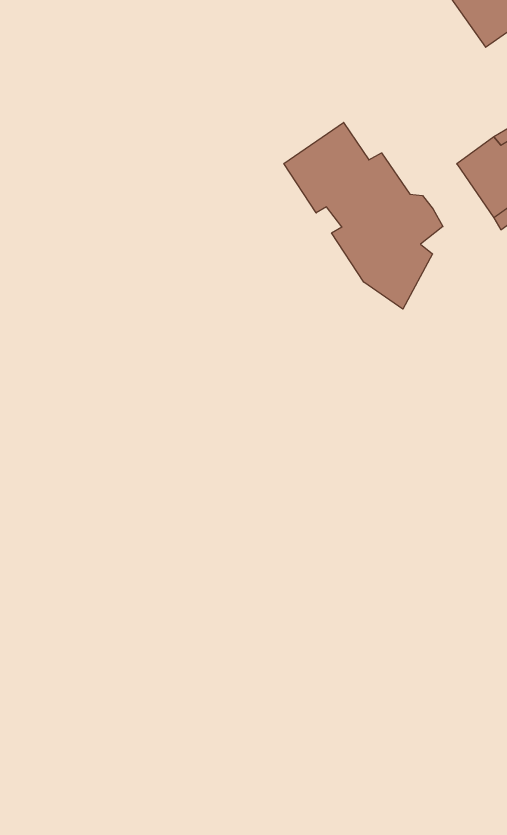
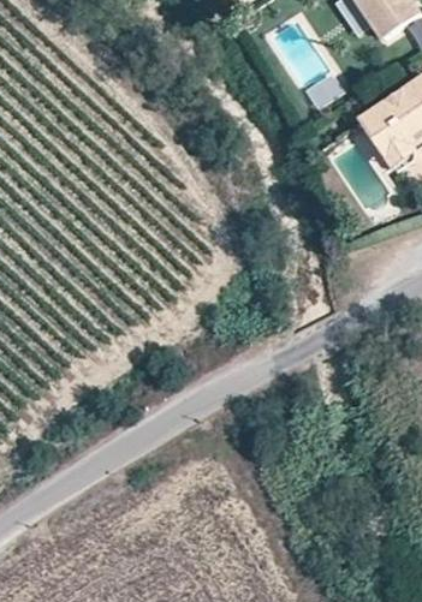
building: [284,122,443,309] -> none

